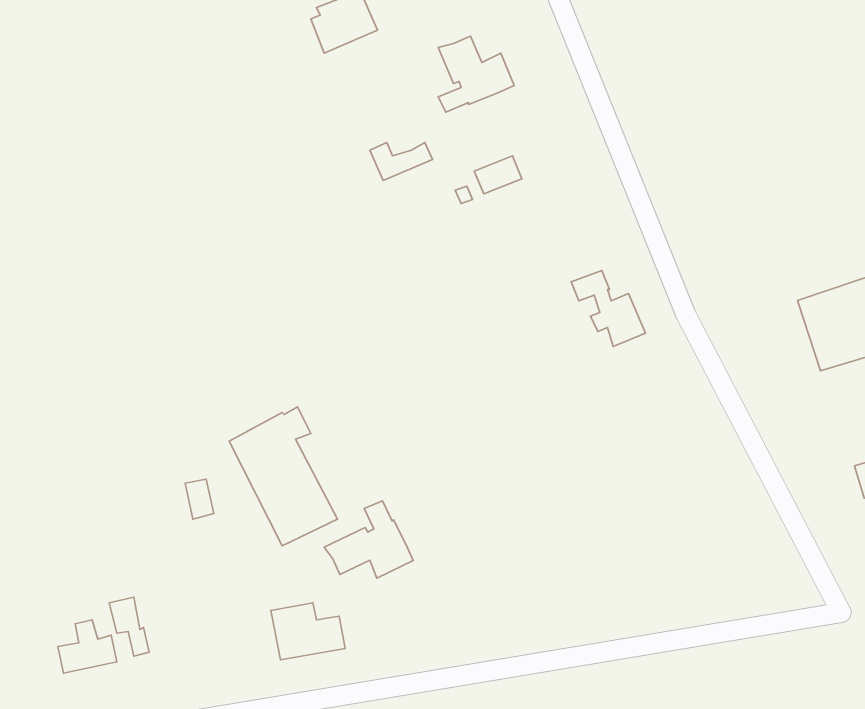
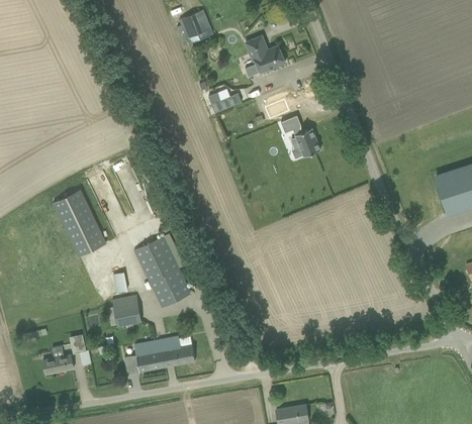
building: [571,271,645,347] -> [281,116,320,156]
building: none -> [53,190,107,257]
building: [324,501,413,578] -> none
building: none -> [109,295,143,330]
building: none -> [124,341,161,375]

